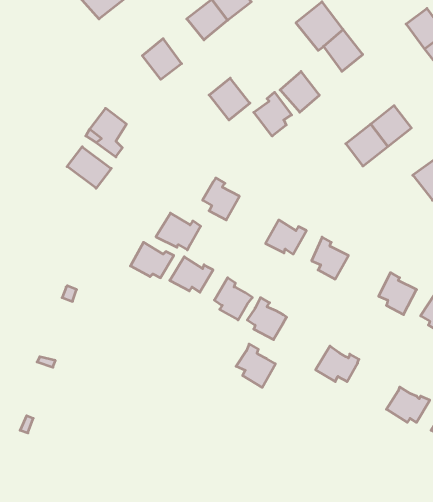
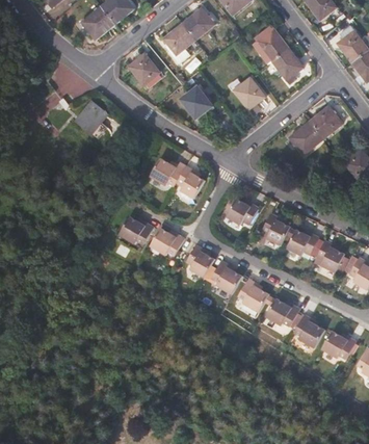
building: [254,92,292,136] -> none
building: [67,147,111,188] -> none
building: [156,213,201,250] -> [149,157,184,186]
building: none -> [287,229,319,255]
building: [236,344,275,387] -> [237,278,268,312]
building: none -> [293,314,324,347]

